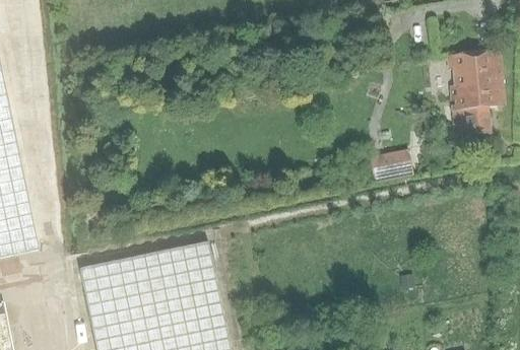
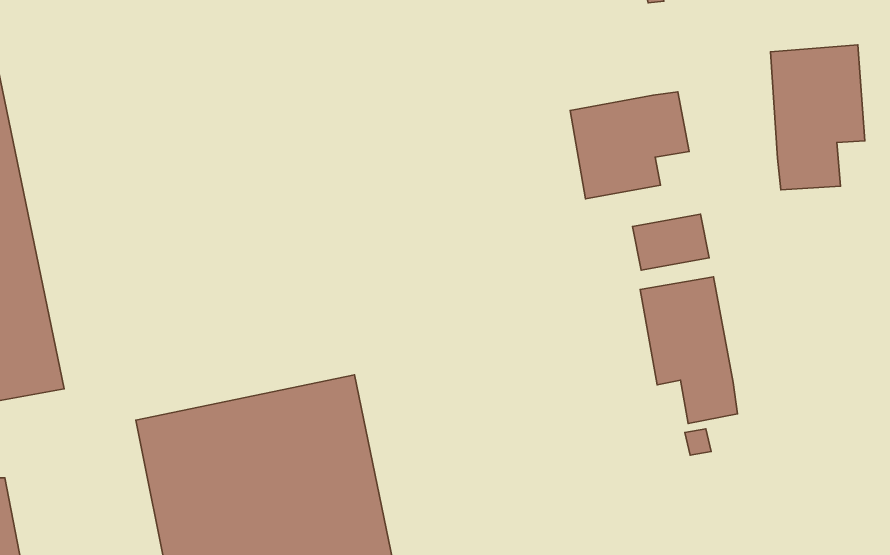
building: none -> [570,92,689,199]
building: none -> [640,277,738,424]

